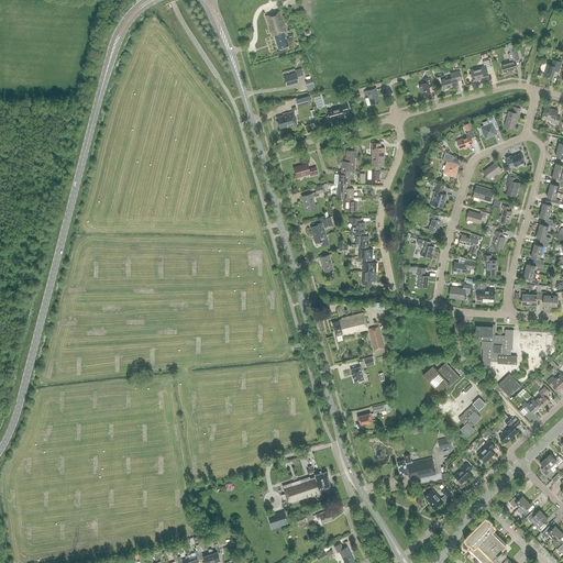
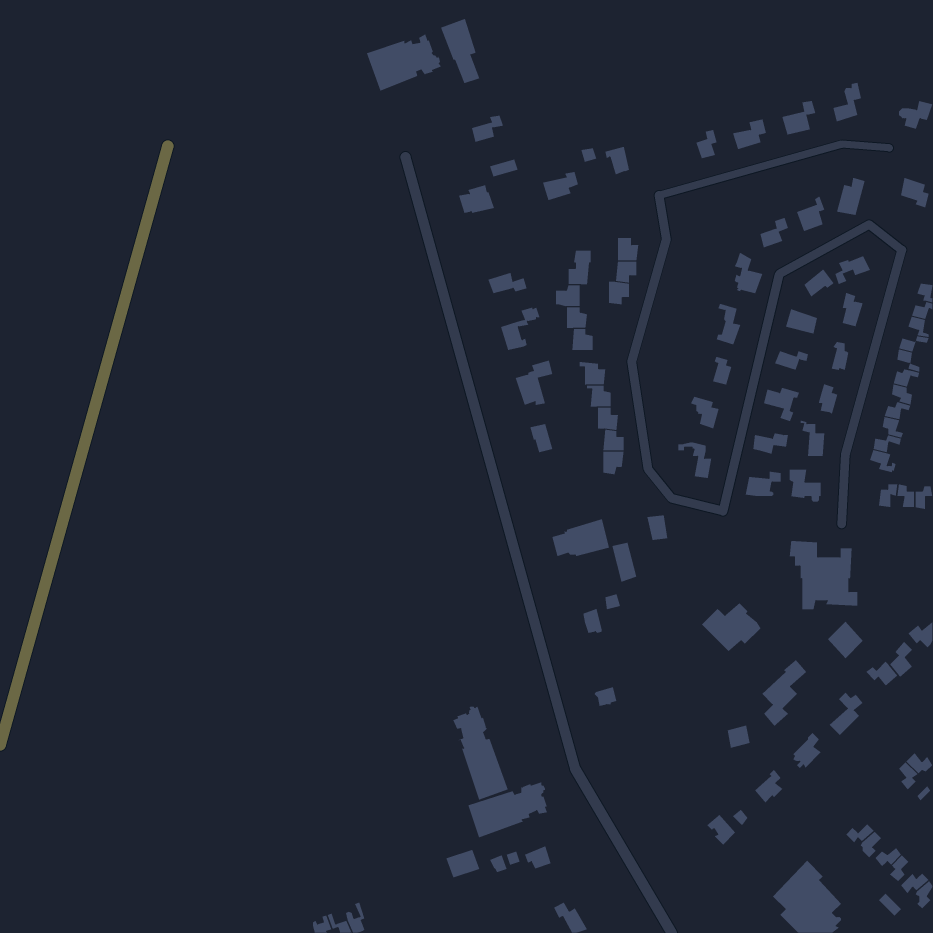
building: none -> [366,34,442,91]
building: none -> [452,705,509,801]
building: [398,454,437,481] -> none

